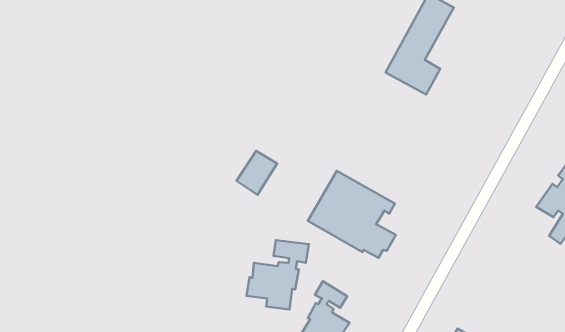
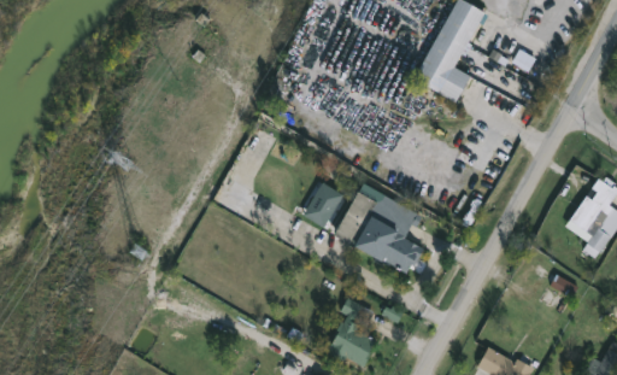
building: [237,151,277,195] -> [304,183,346,229]
building: [247,240,309,310] -> none

